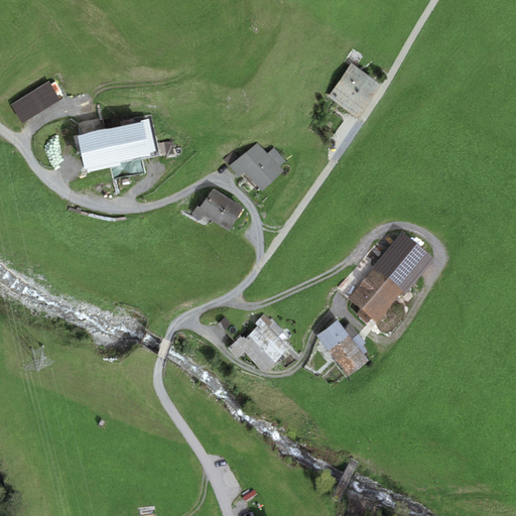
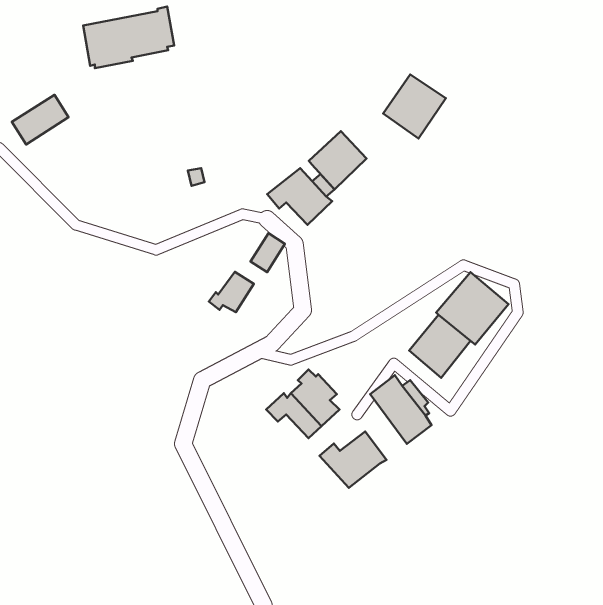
building: none -> [309,131,367,189]
building: [77,119,154,171] -> [83,6,174,68]
building: [190,188,229,223] -> [209,272,254,312]
building: none -> [320,432,386,488]

